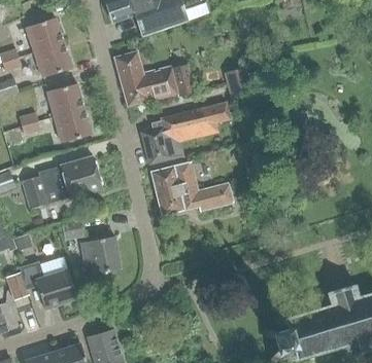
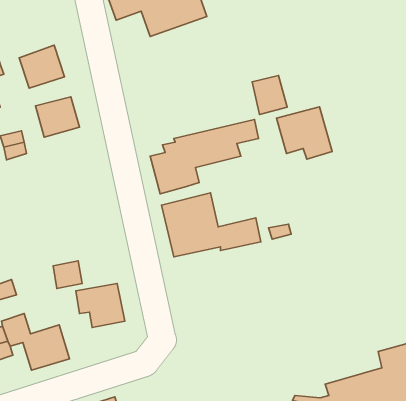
building: [26,17,63,52] -> none
building: [112,50,193,106] -> none
building: none -> [277,107,332,159]
building: [55,109,91,143] -> none
building: [24,156,101,208] -> none

